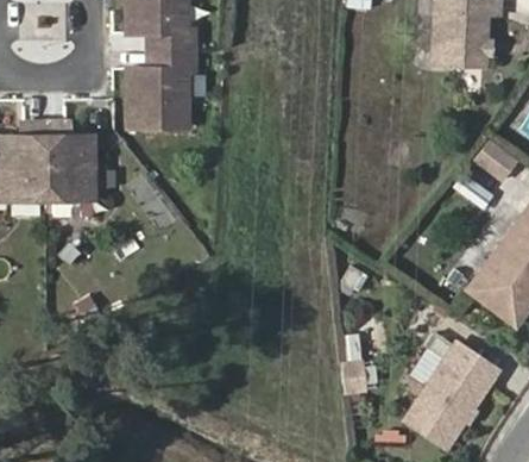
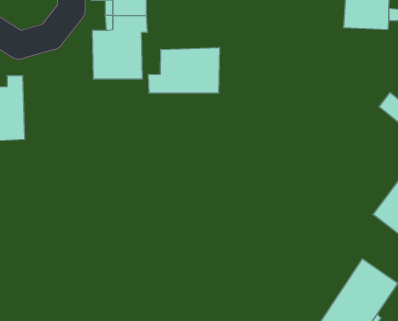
building: none -> [148,47,219,93]
building: [46,121,94,199] -> none

